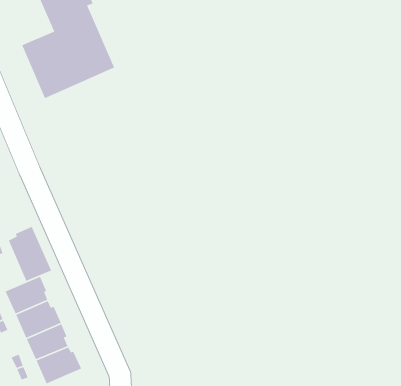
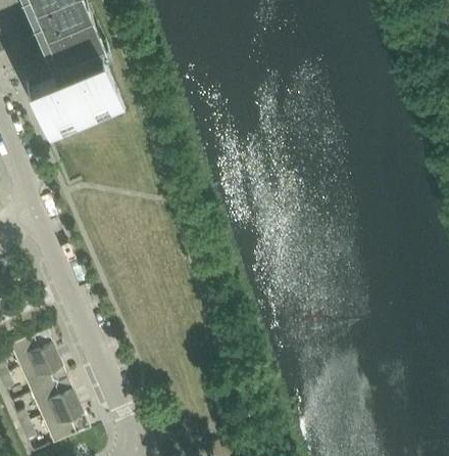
building: [8,226,52,282] -> none

